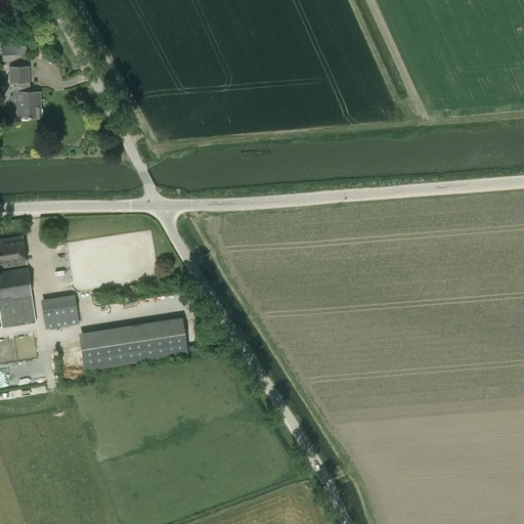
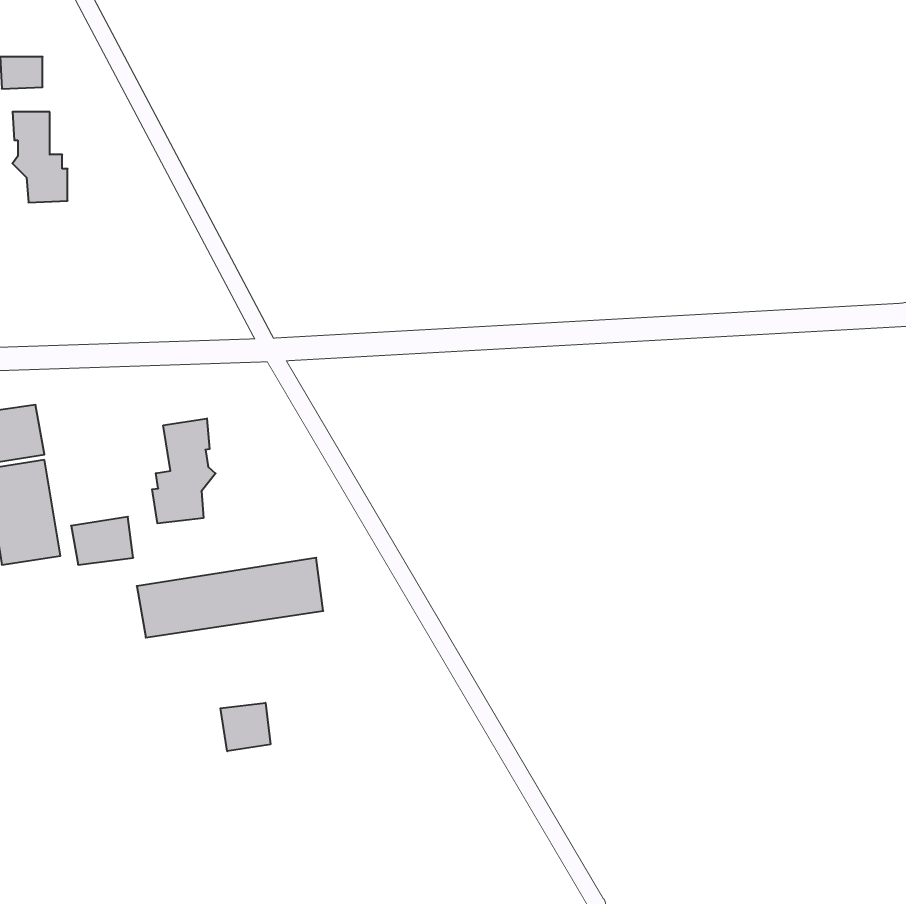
building: none -> [152,418,216,523]
building: none -> [220,703,270,751]

